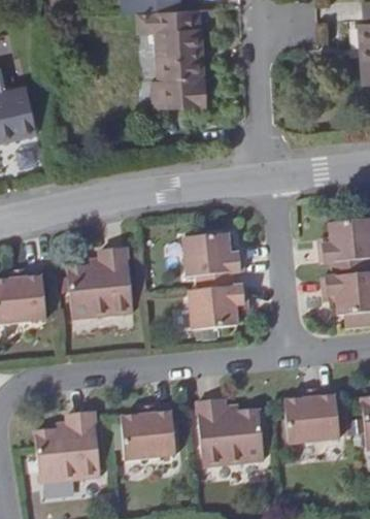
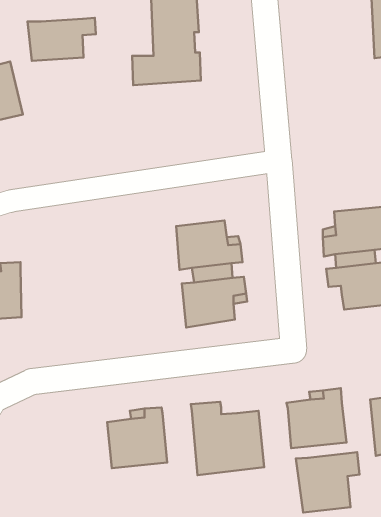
building: none -> [27,18,96,61]
building: [65,251,130,320] -> none
building: [32,412,98,482] -> none
building: none -> [296,452,359,512]

